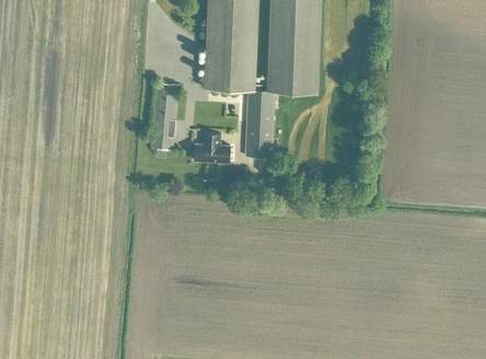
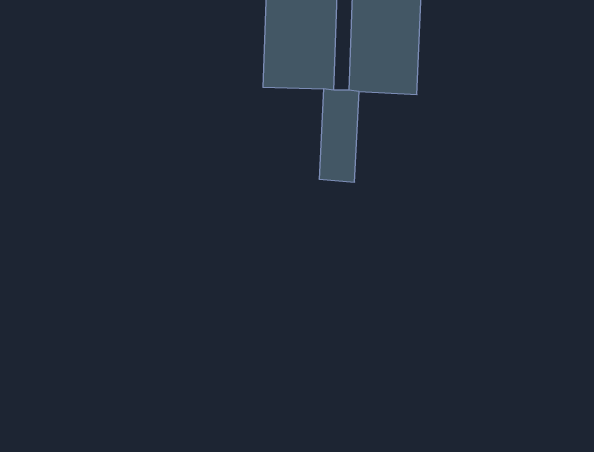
building: [151,83,178,151] -> none
building: [195,134,230,163] -> none

